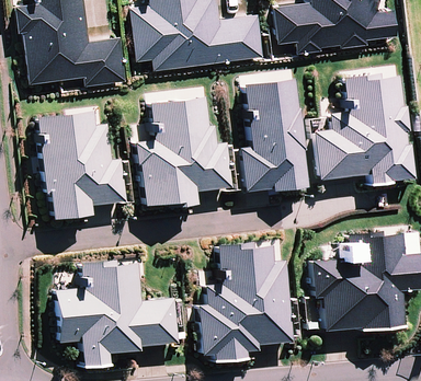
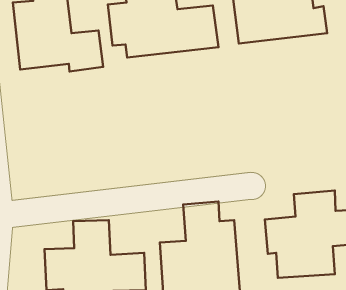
building: [320,73,398,177] -> none
building: [242,78,298,188] -> none
building: [139,96,227,203] -> none
building: [41,113,125,216] -> none

